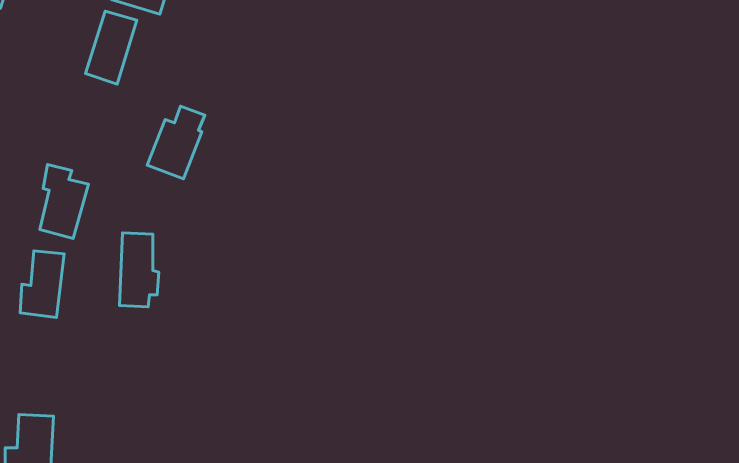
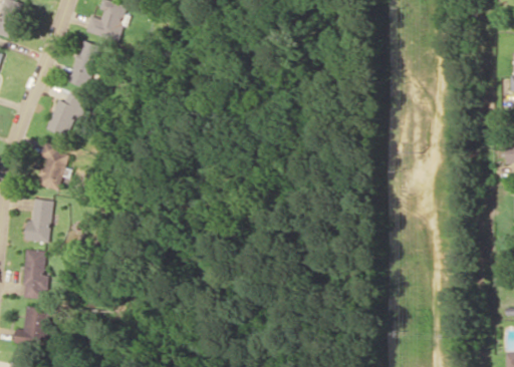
building: [147,106,205,179] -> [45,90,83,138]
building: [119,233,159,307] -> [22,250,48,299]

